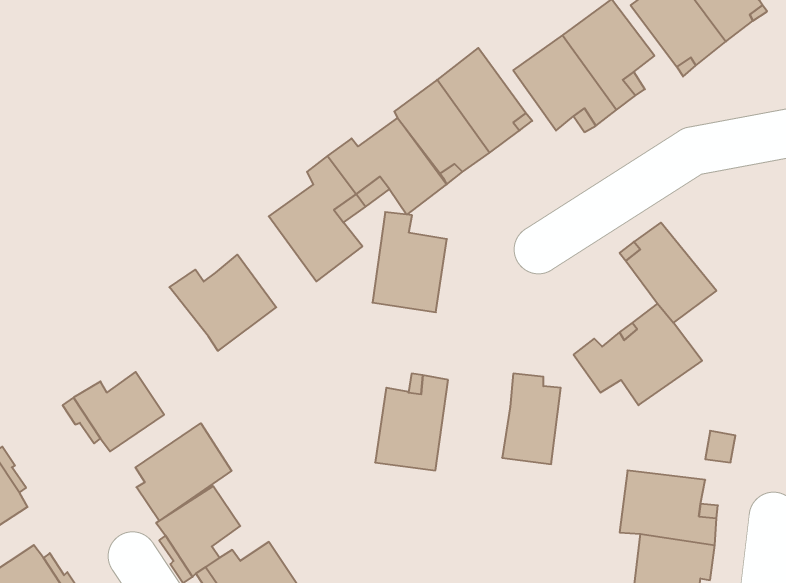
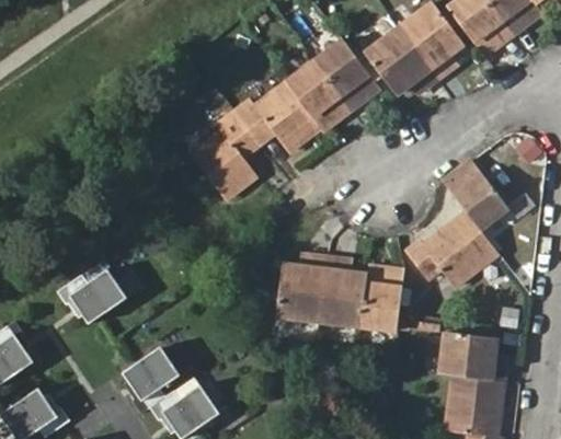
building: [372,212,447,312] -> [313,269,365,338]
building: [169,255,276,351] -> none
building: [135,423,232,521] -> none

